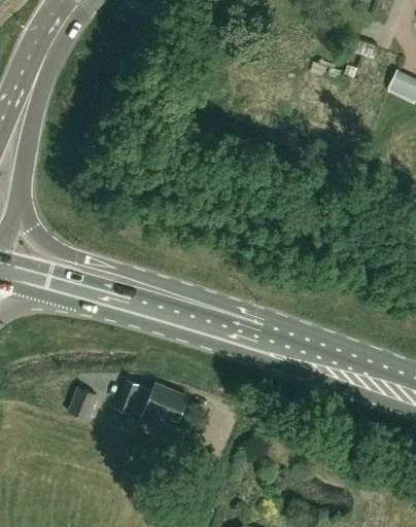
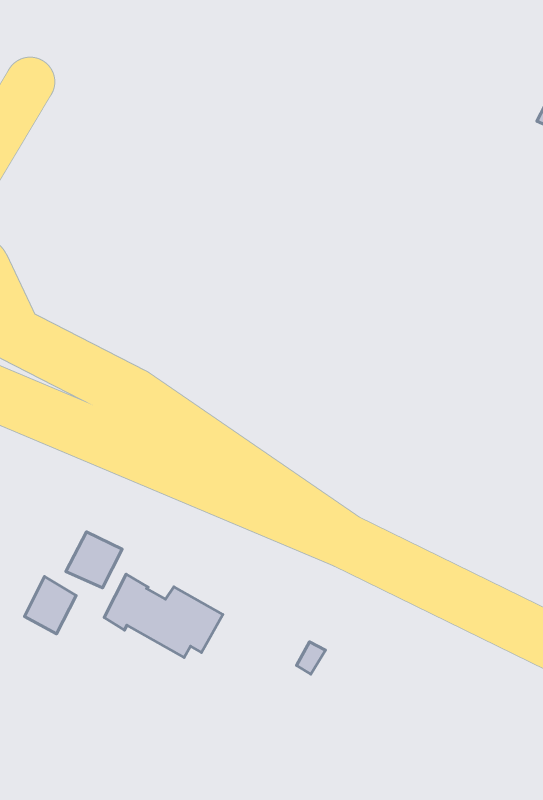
building: none -> [66,532,122,588]

